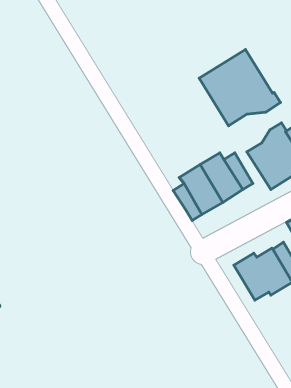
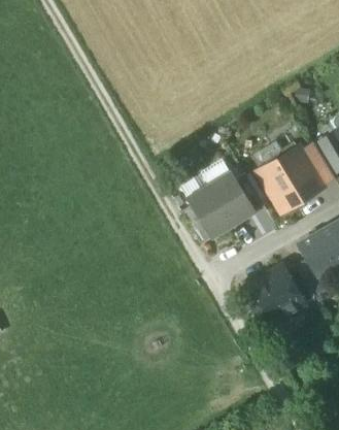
building: [199,49,280,126] -> none

